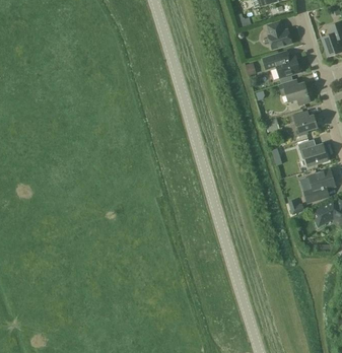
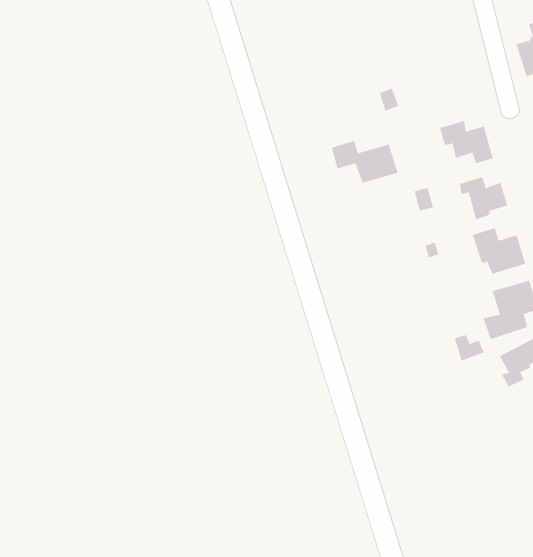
building: [267,20,292,48] -> none
building: [263,53,300,77] -> [331,140,398,184]

